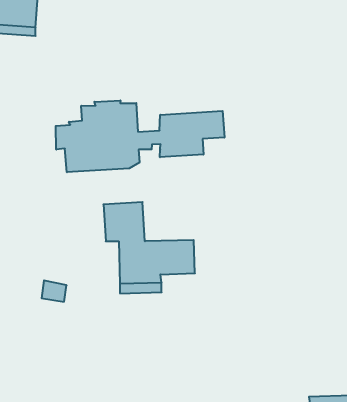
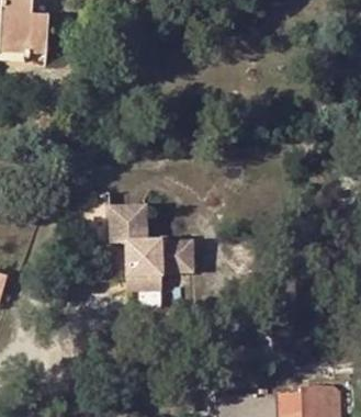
building: [56,100,224,172] -> none

